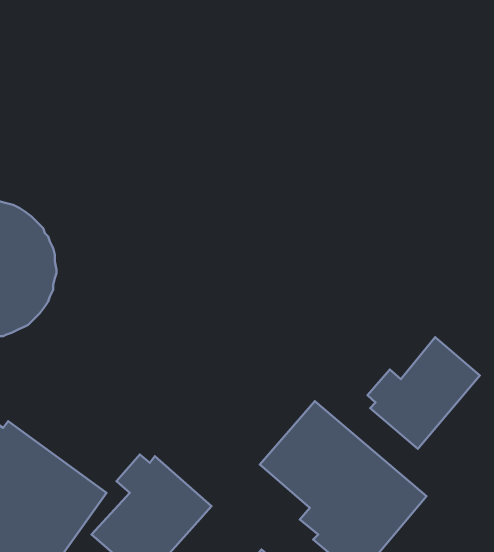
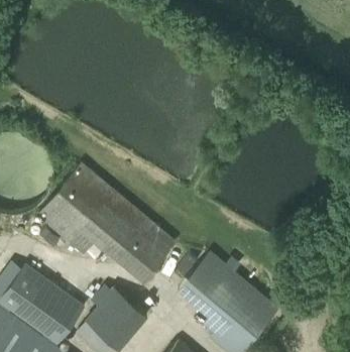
building: none -> [36,163,177,282]
building: [368,337,480,449] -> none

